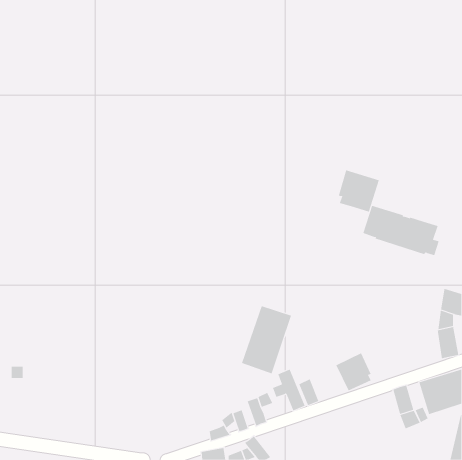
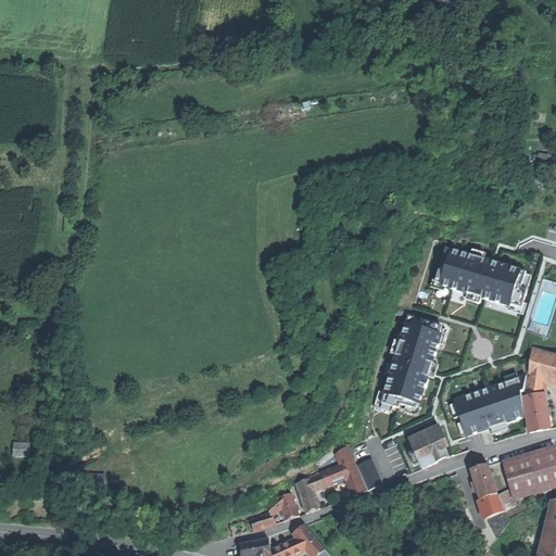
building: [338,169,380,212] -> none
building: [241,305,292,374] -> [380,323,441,405]
building: none -> [452,380,522,437]

